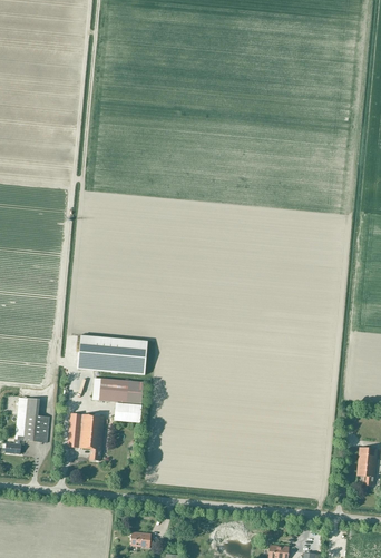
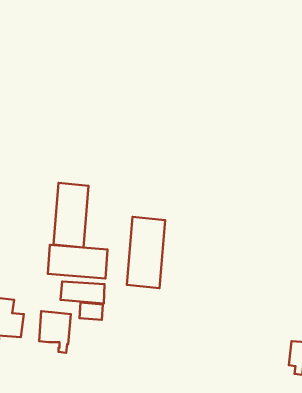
building: none -> [53,183,89,248]
building: none -> [127,217,165,288]

